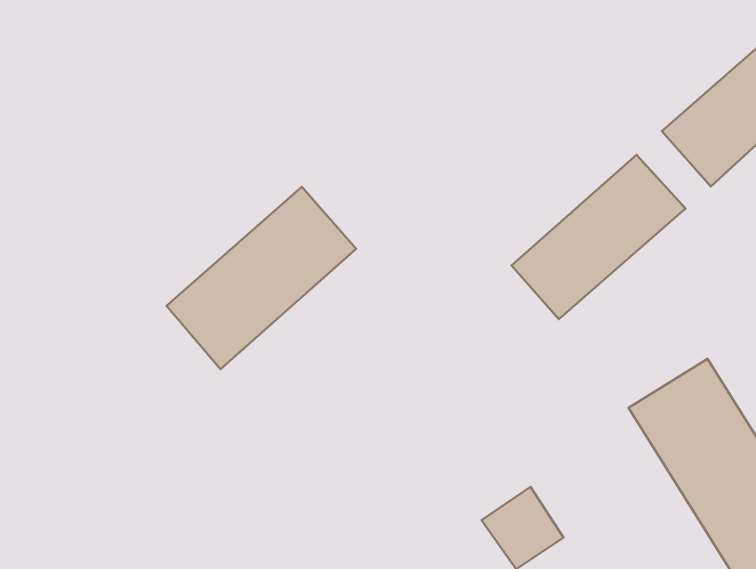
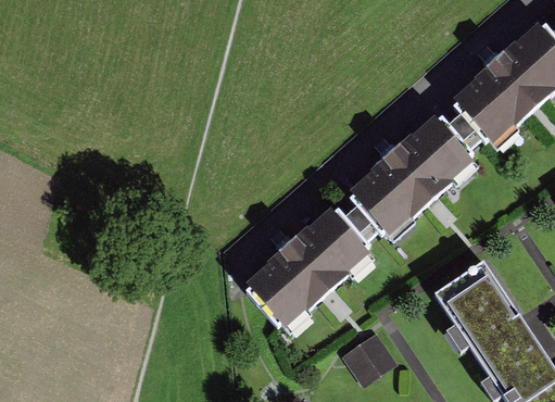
building: [166,187,356,369] -> none
building: none -> [245,203,376,328]

